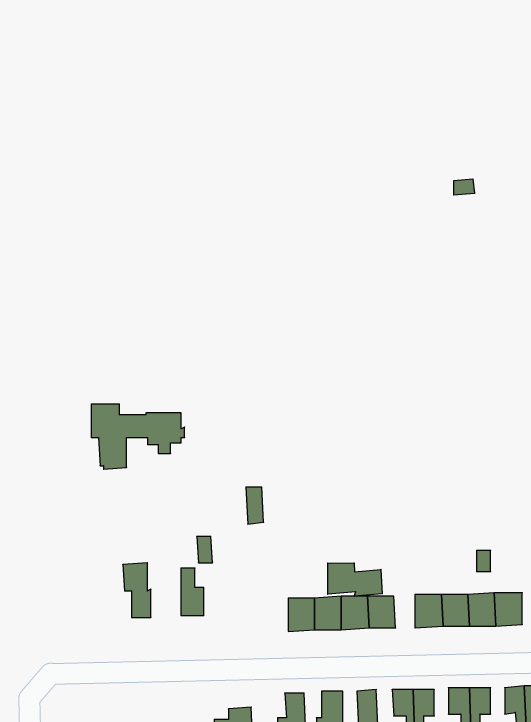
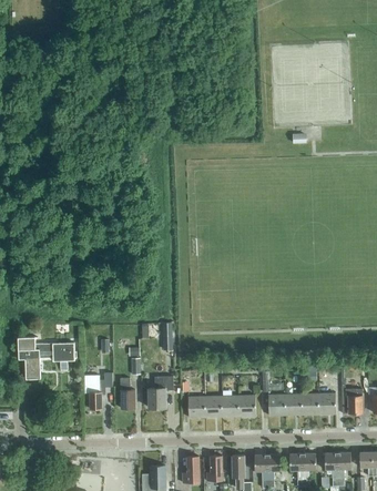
building: [91,404,185,469] -> [18,337,77,378]
building: [328,563,382,596] -> none
building: none -> [149,377,173,408]

